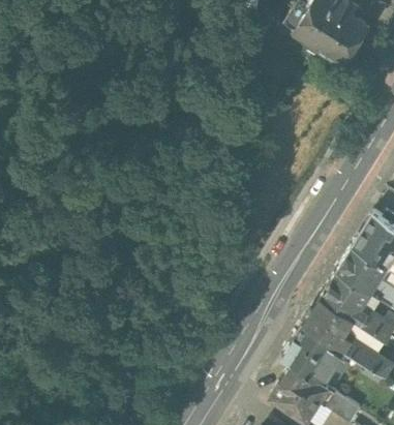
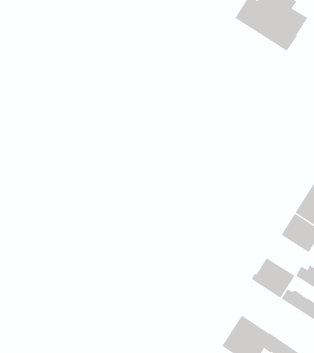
building: [322,273,370,320] -> none
building: [284,324,346,385] -> none

